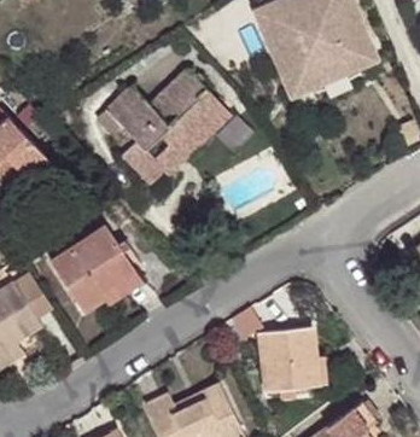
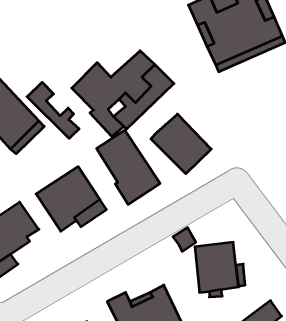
building: none -> [27,82,79,138]
building: none -> [151,114,211,174]
building: none -> [97,130,160,204]

